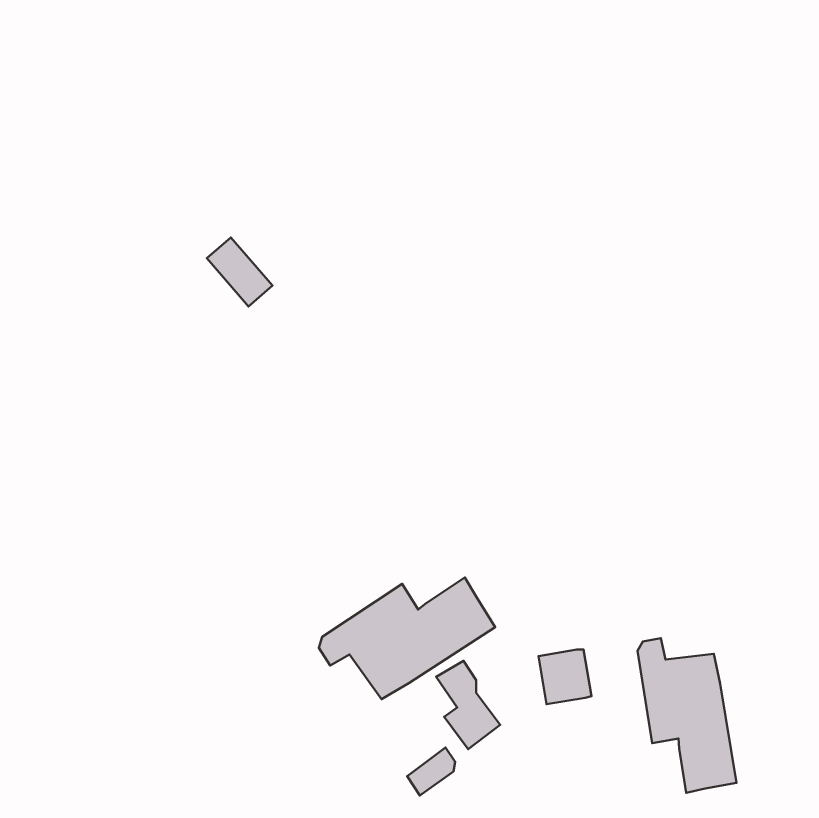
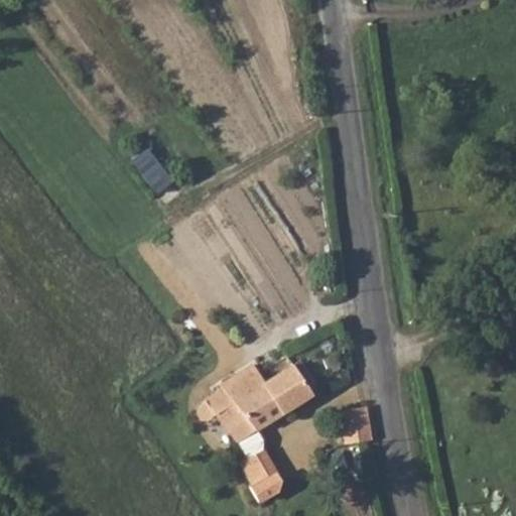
building: [637,638,737,793] -> none
building: [436,661,500,749] -> [240,429,280,485]

